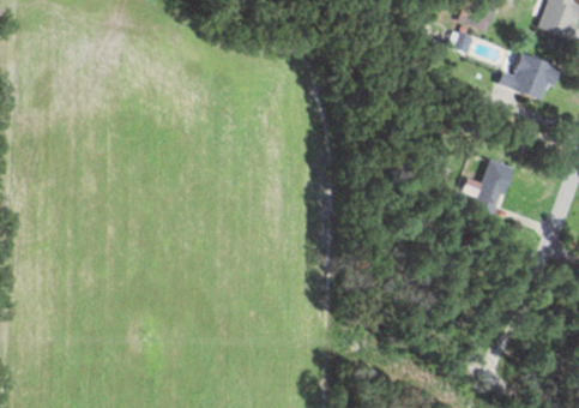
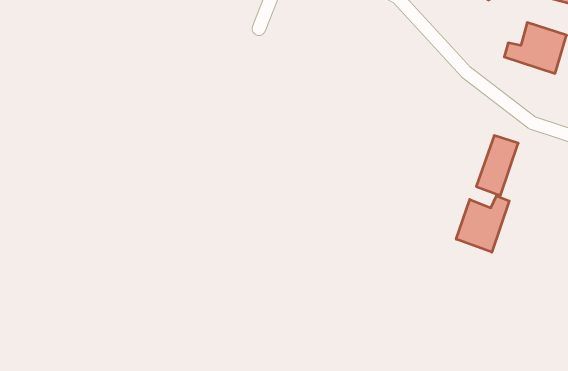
building: none -> [456,196,509,252]

